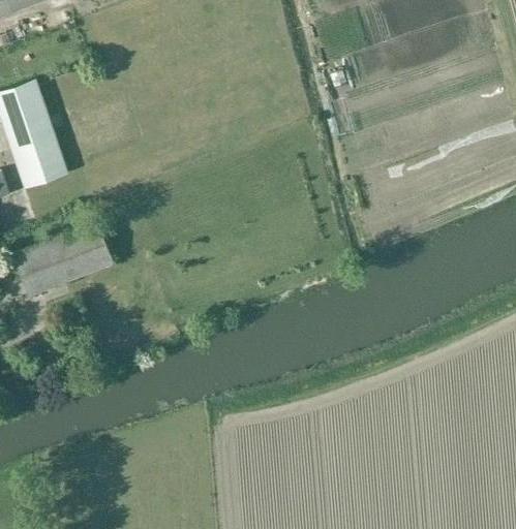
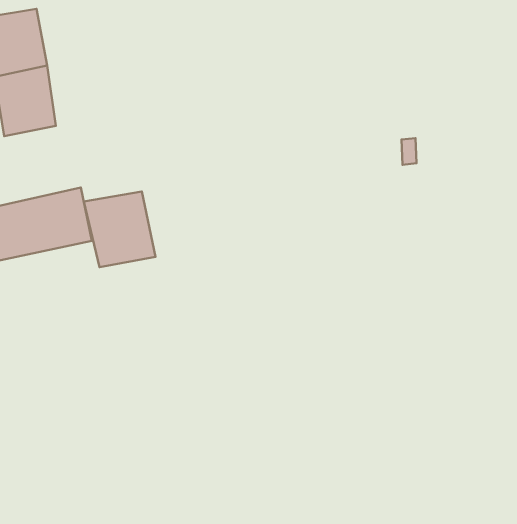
building: none -> [84,192,156,267]

